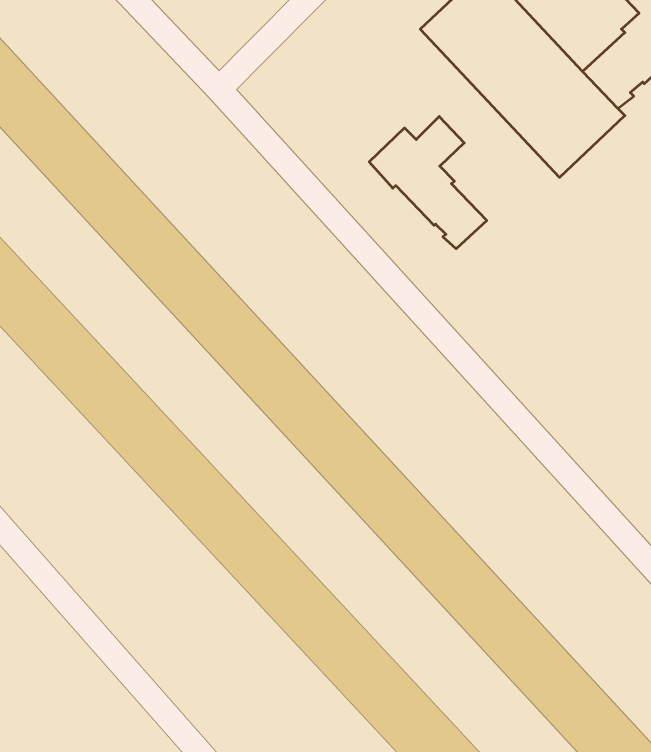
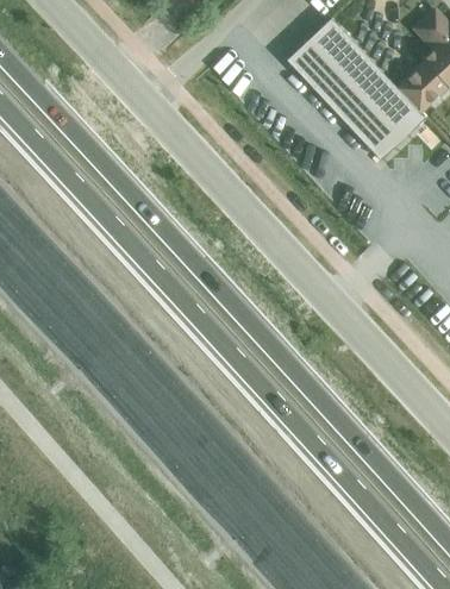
building: [369,116,487,249] -> none

